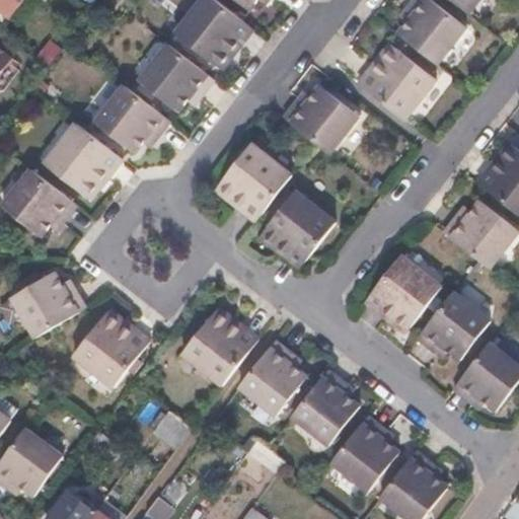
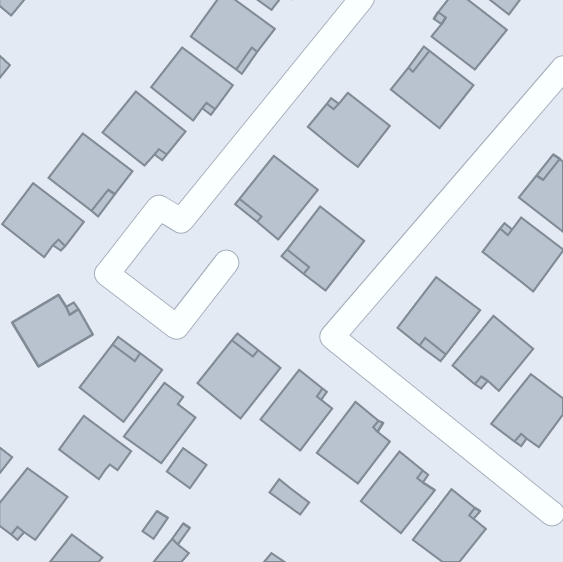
building: none -> [124,383,195,463]
building: none -> [59,416,131,479]

